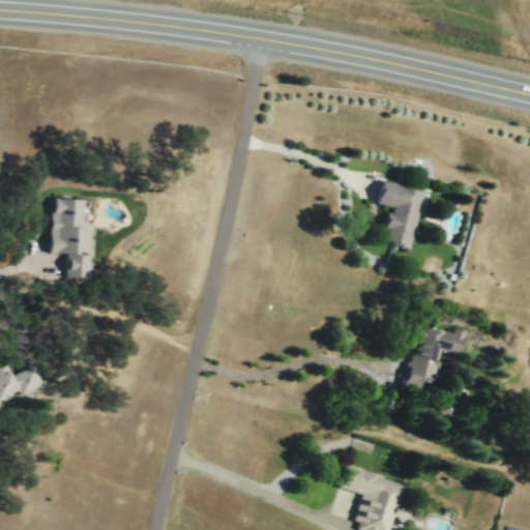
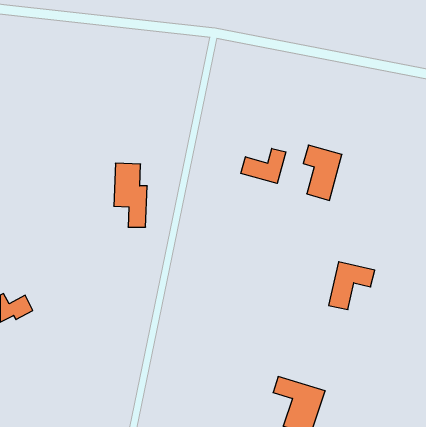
building: none -> [241,148,286,183]
building: [52,201,93,279] -> [114,163,147,227]

